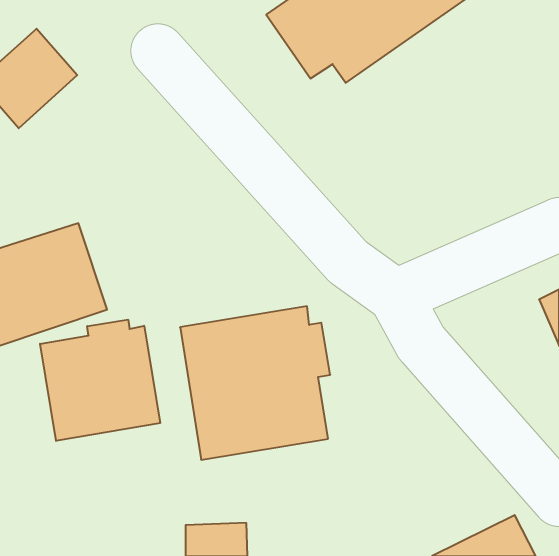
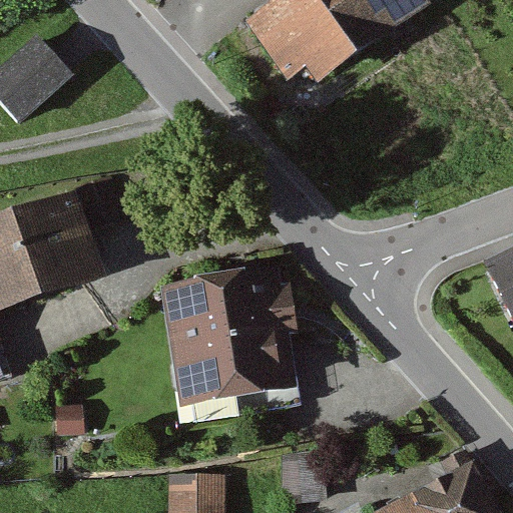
building: [40,320,160,441] -> none

